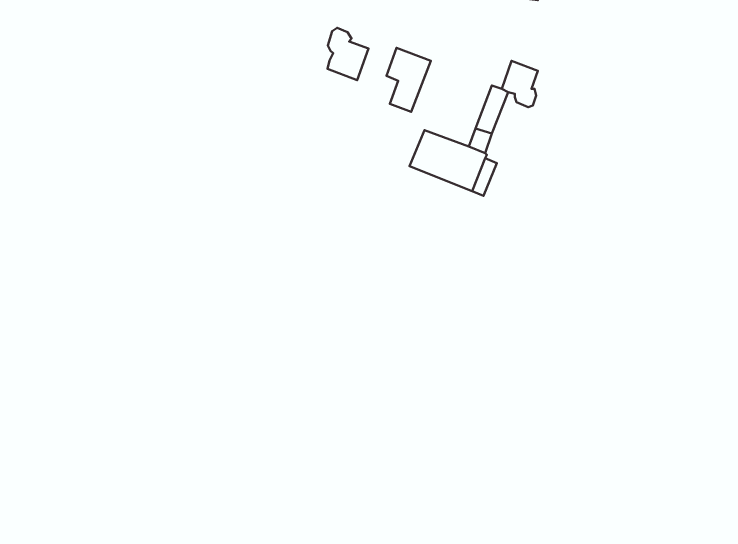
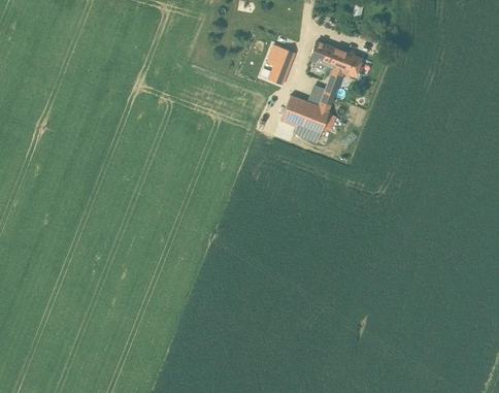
building: [327,28,368,80] -> none
building: none -> [308,40,344,69]

